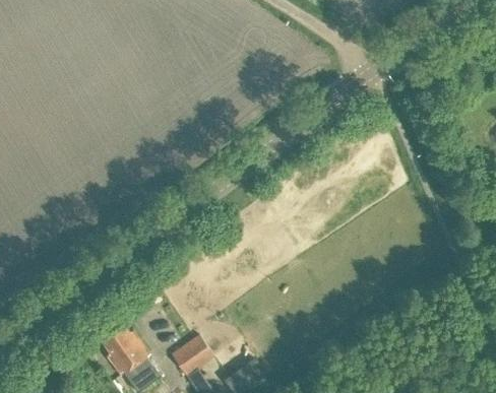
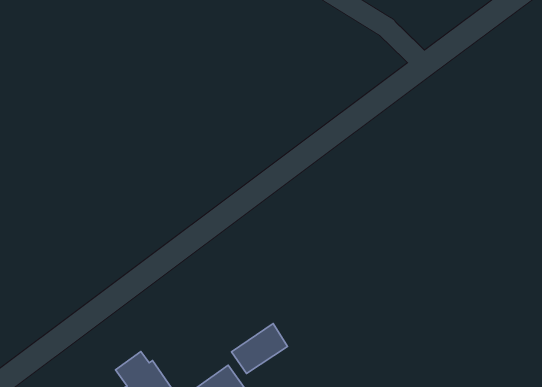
building: none -> [232,324,287,373]

